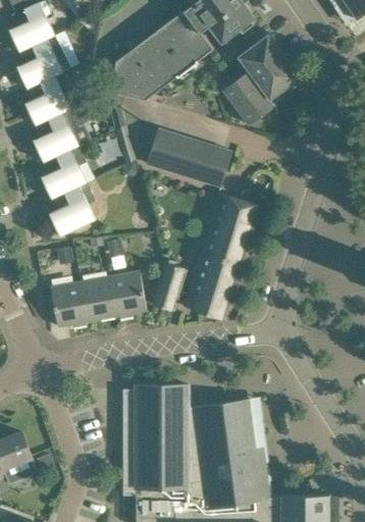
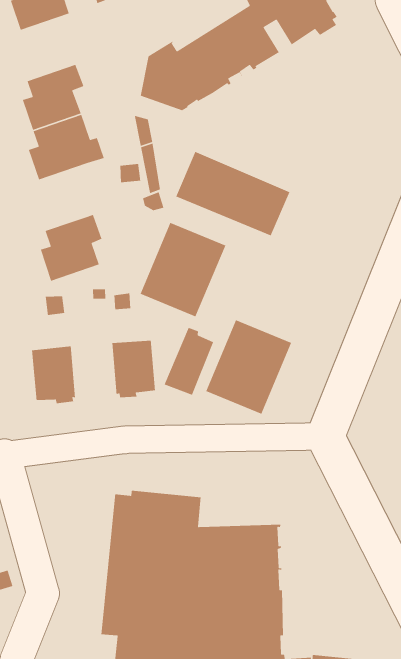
building: [214,34,299,125] -> none
building: [17,36,63,89] -> none
building: [42,146,95,199] -> none
building: [201,195,262,264] -> [139,222,226,318]
building: [81,277,117,321] -> none

